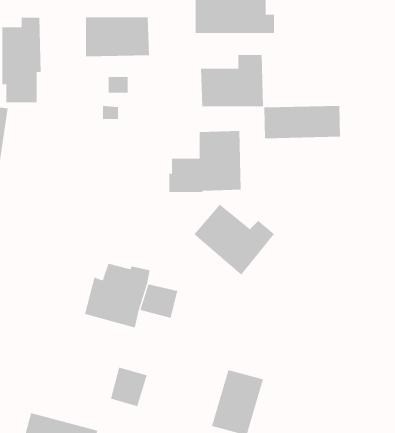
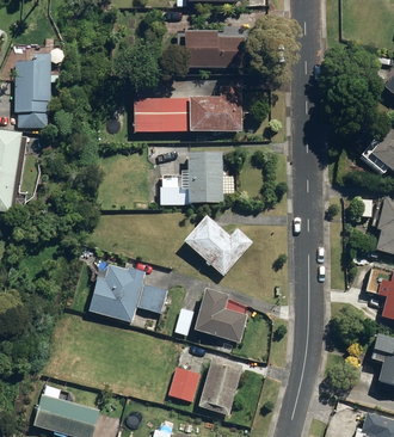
building: [85,17,150,57] -> [133,98,189,133]
building: [264,105,341,139] -> none
building: none -> [192,289,248,343]
building: [110,367,148,407] -> [170,368,202,402]

